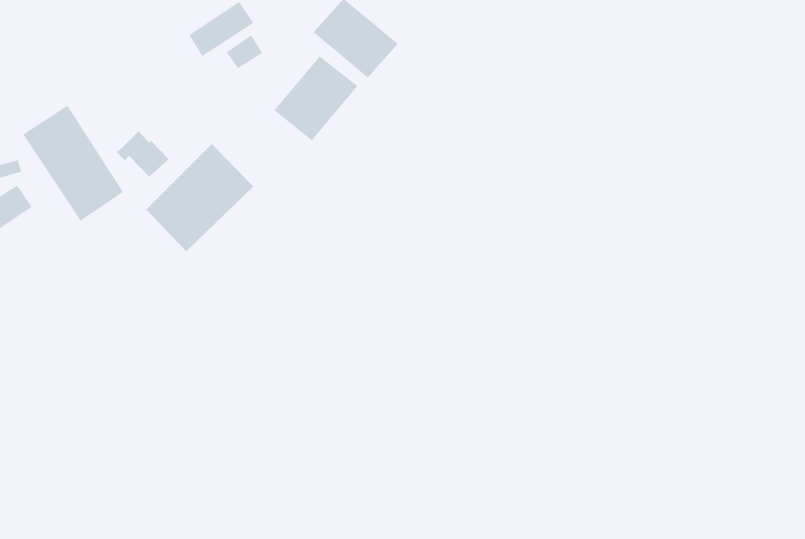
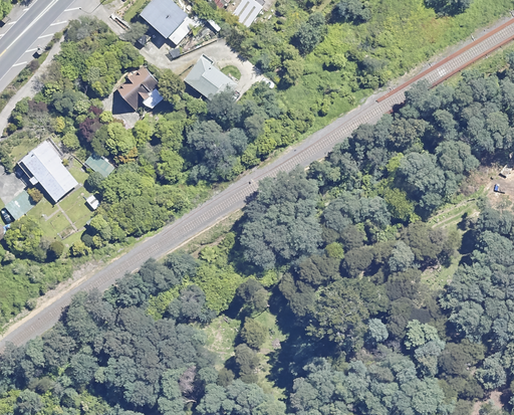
building: [273,55,358,141] -> none
building: [145,143,254,252] -> none

